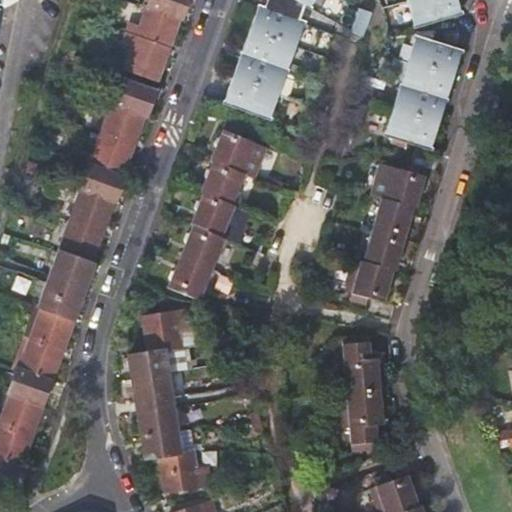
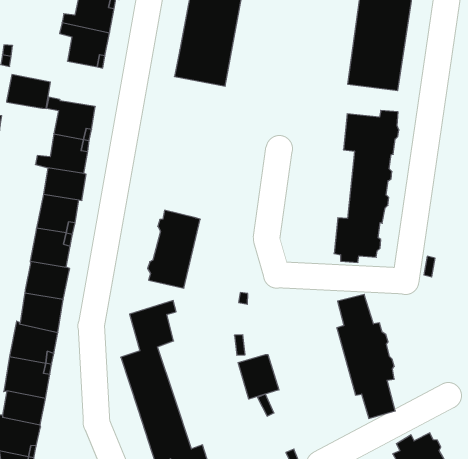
building: [113,80,157,117] -> [7,75,50,108]
building: [192,122,268,236] -> none
building: none -> [238,355,279,399]

